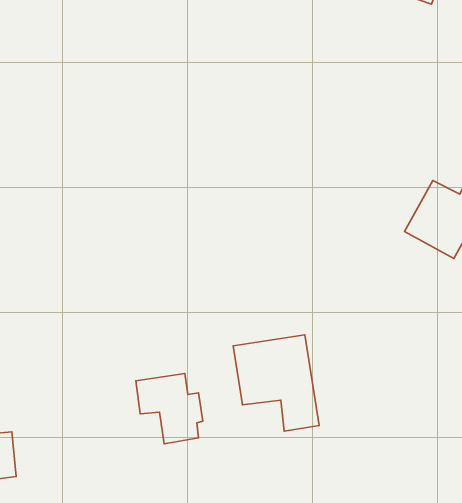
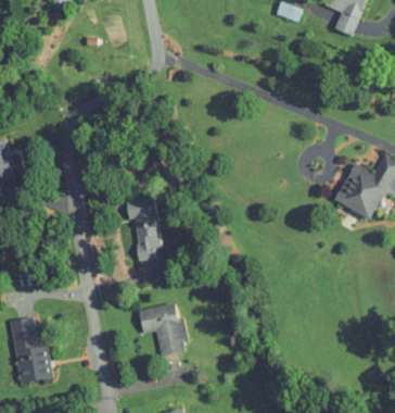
building: none -> [126,198,161,261]
building: [233,335,319,431] -> none

